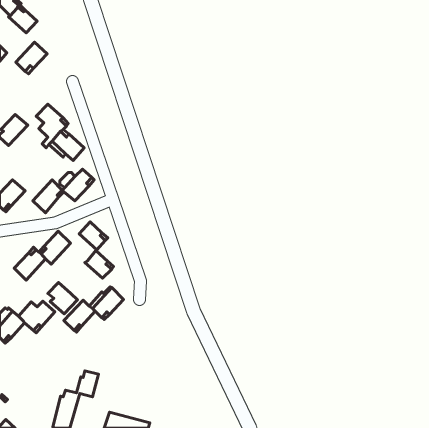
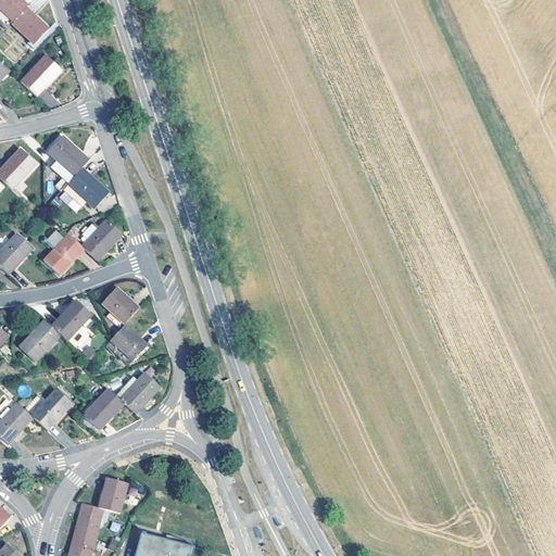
building: [48,282,77,314] -> none

